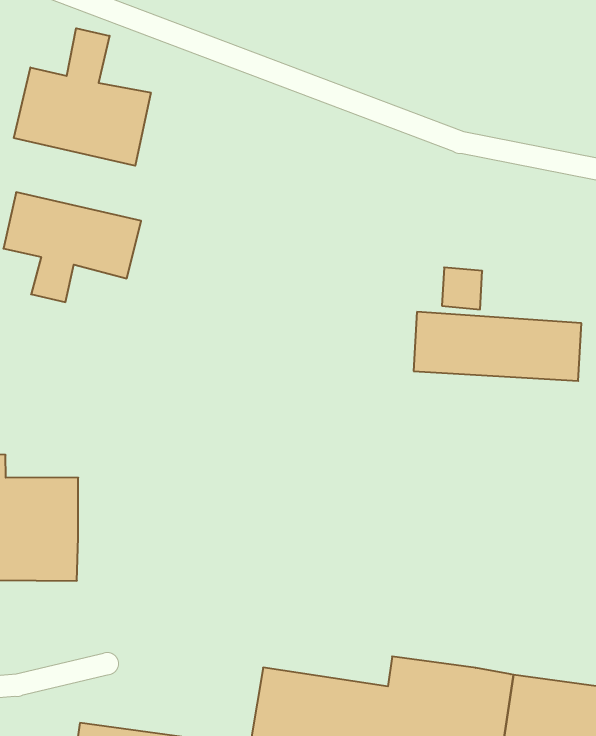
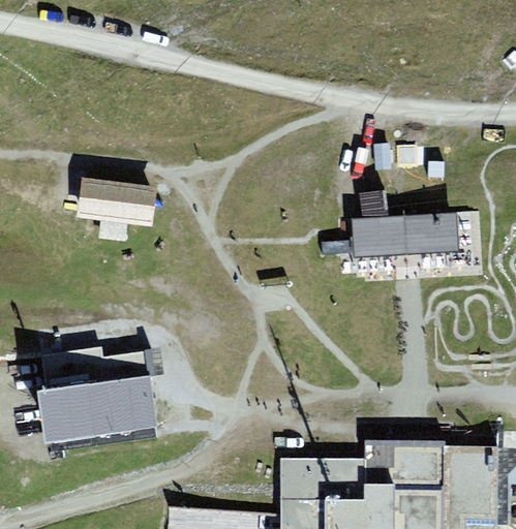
building: [14,28,151,166] -> none

